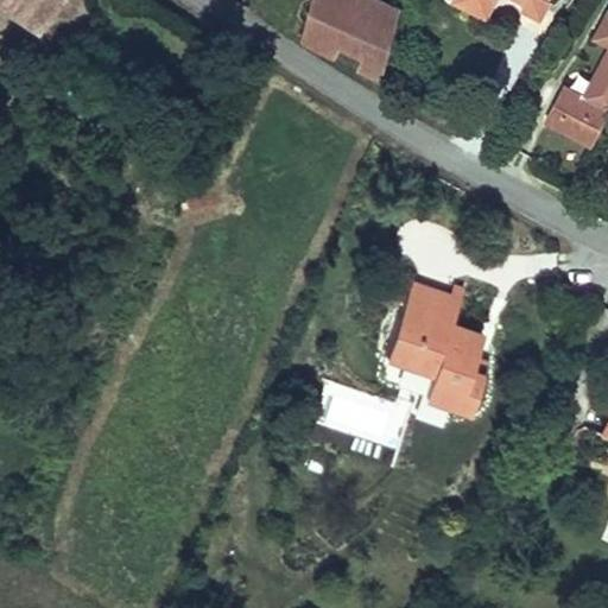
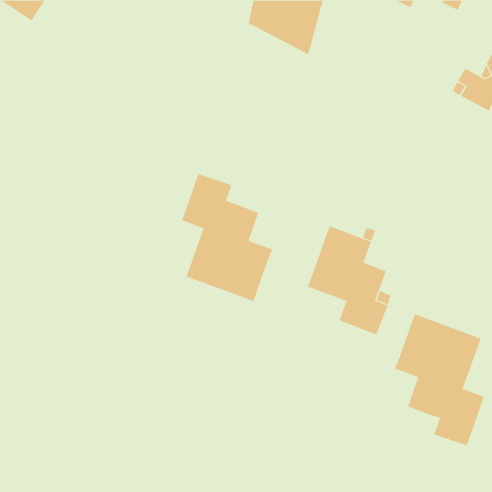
building: none -> [182,173,273,302]
building: none -> [394,314,484,446]

